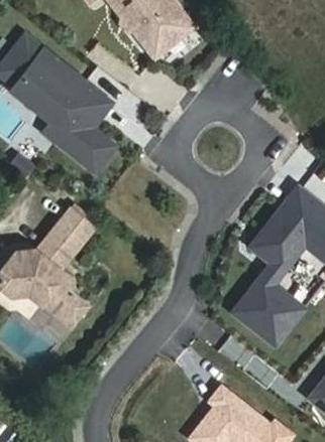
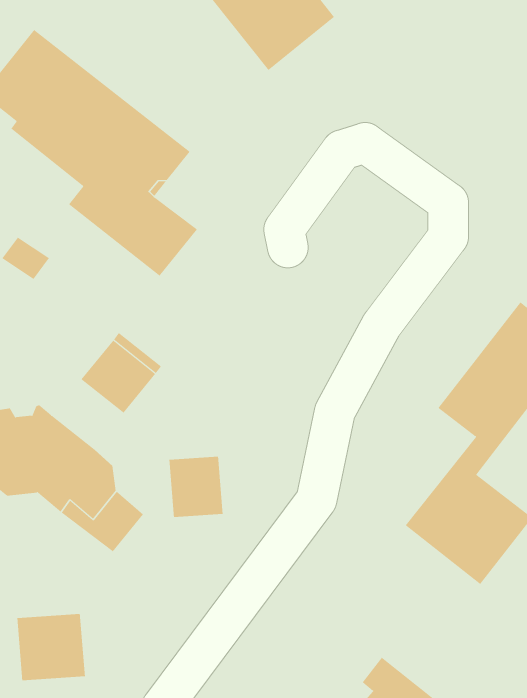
building: [35,231,76,270] -> none
building: none -> [169,456,223,518]
building: none -> [17,613,85,681]

